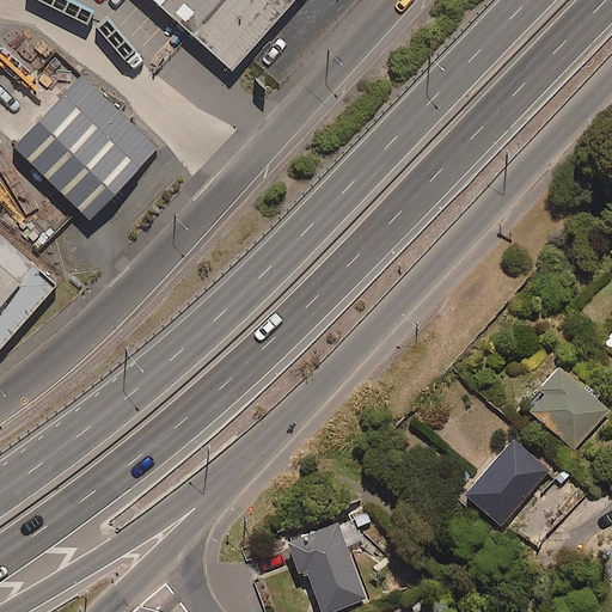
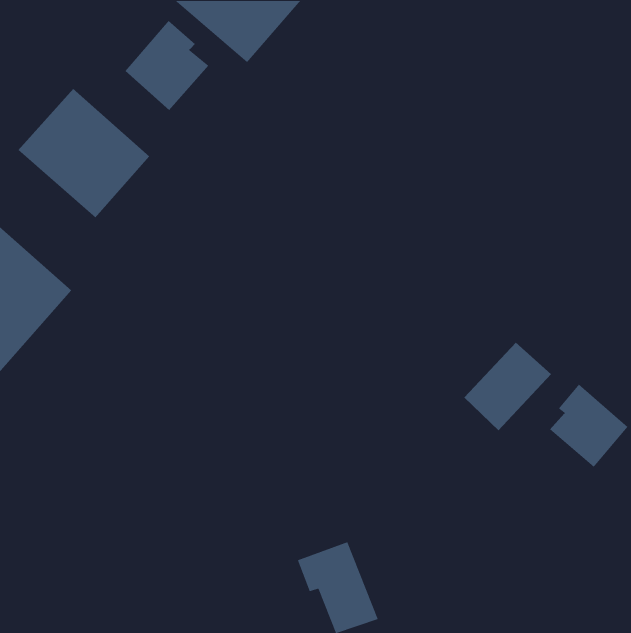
building: none -> [124,20,209,111]
building: [465,437,550,524] -> [464,342,552,431]

